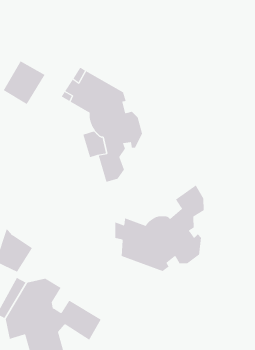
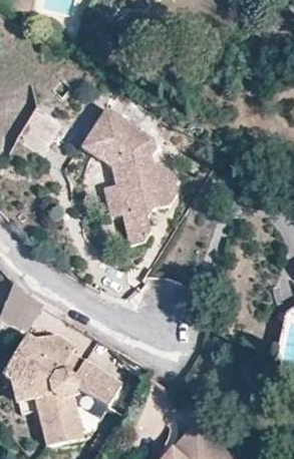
building: [115,185,204,272] -> none

